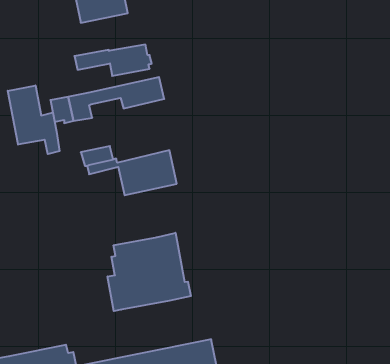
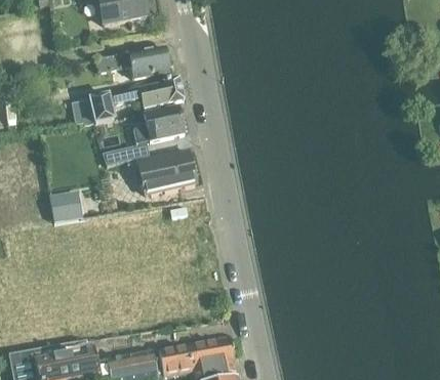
building: [8,85,60,154] -> none
building: none -> [133,105,185,143]
building: none -> [49,192,78,220]
building: [108,233,191,311] -> none

